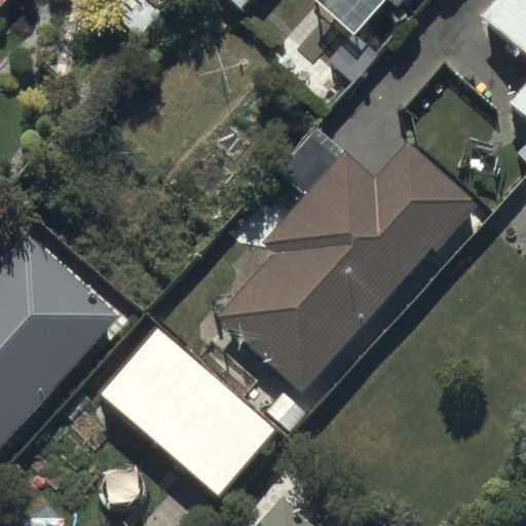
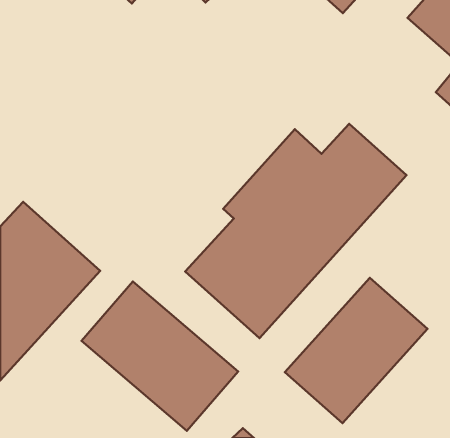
building: none -> [285,278,427,423]

